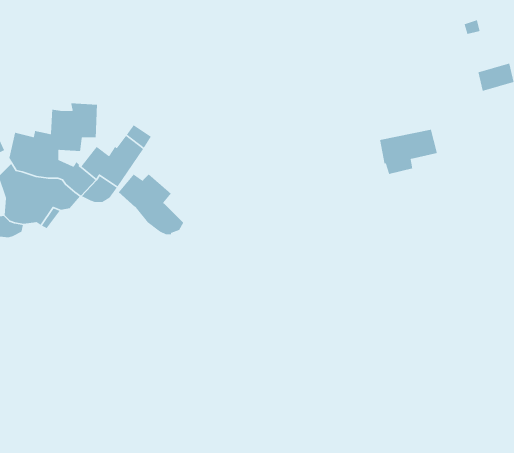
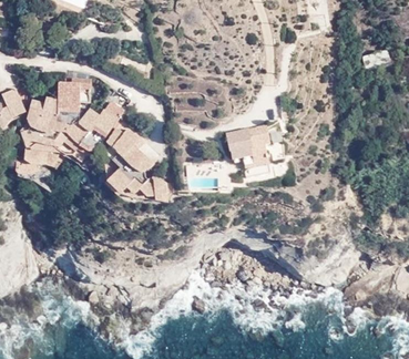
building: [379,129,438,175] -> [227,126,269,160]
building: none -> [106,153,167,205]

